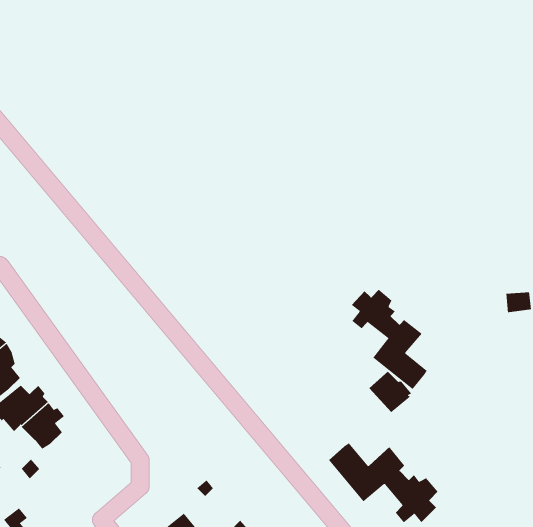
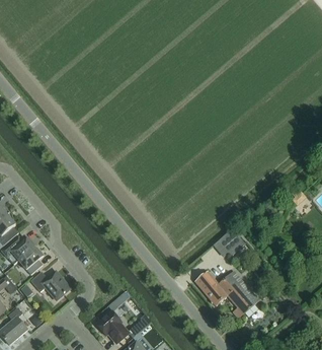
building: [351,289,428,390] -> none
building: none -> [30,271,71,300]

